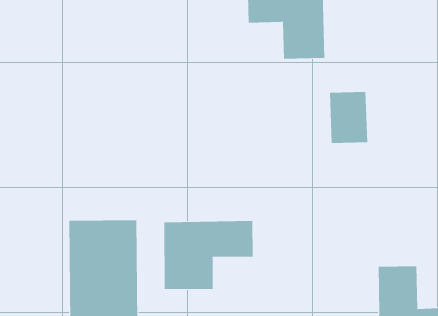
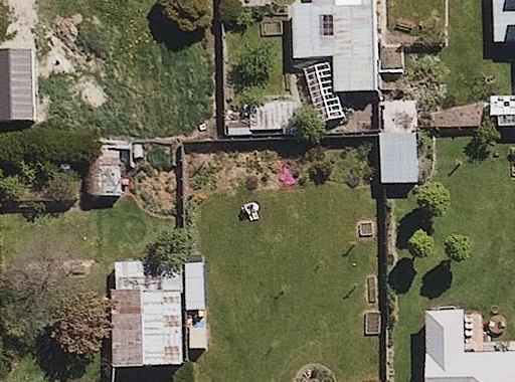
building: [164,220,253,290] -> none

